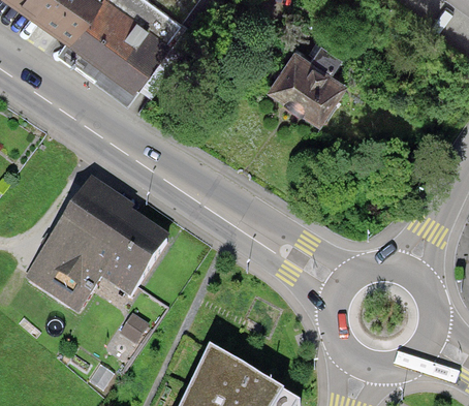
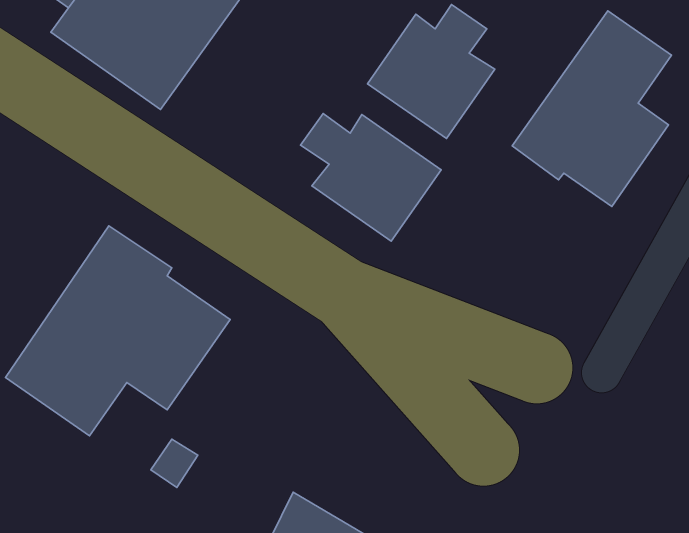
building: none -> [512,11,671,206]
building: none -> [301,114,441,241]

